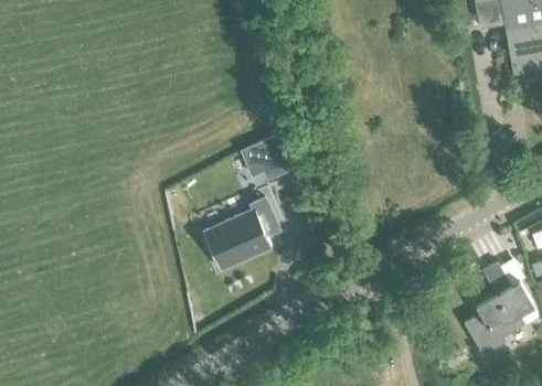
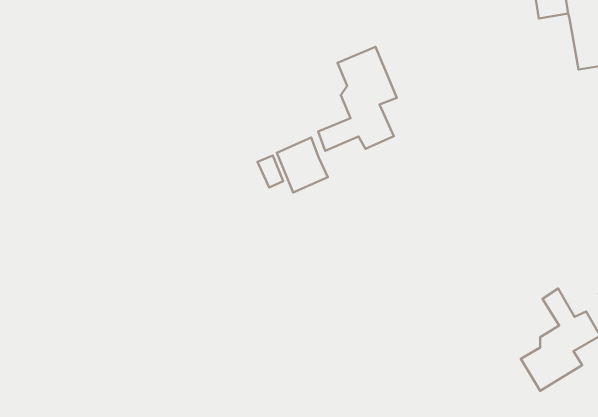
building: none -> [318,47,397,151]
building: [199,200,278,270] -> none

